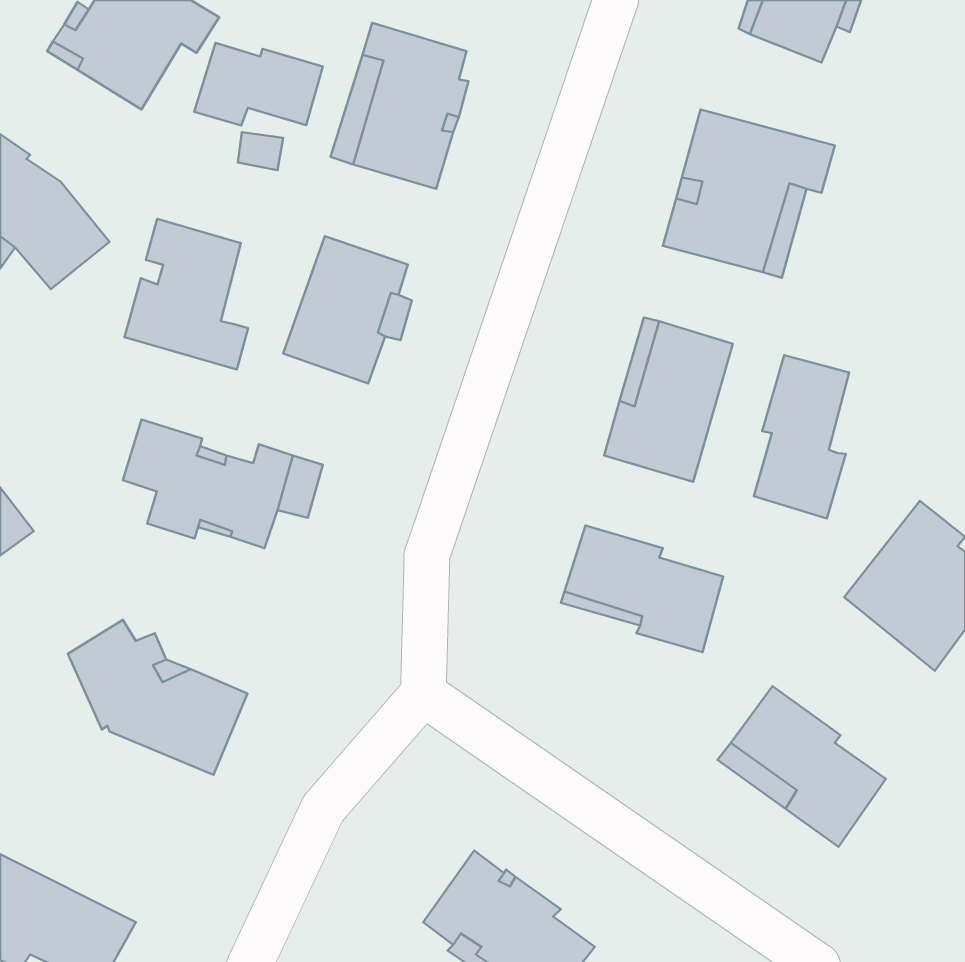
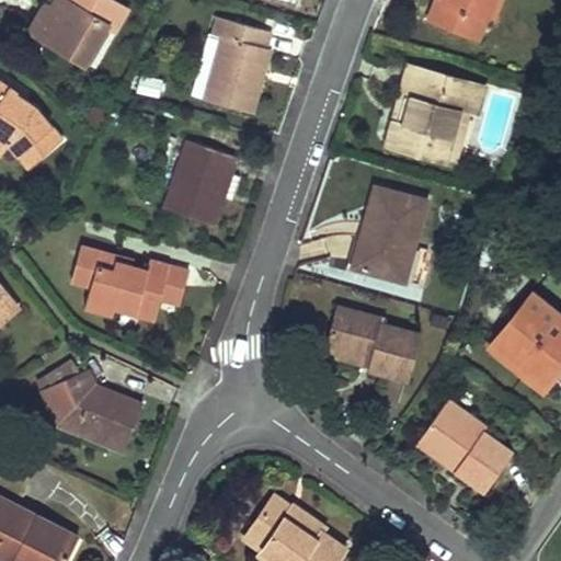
building: [194,43,323,126] -> none
building: [124,219,248,369] -> none
building: [754,355,849,519] -> none

